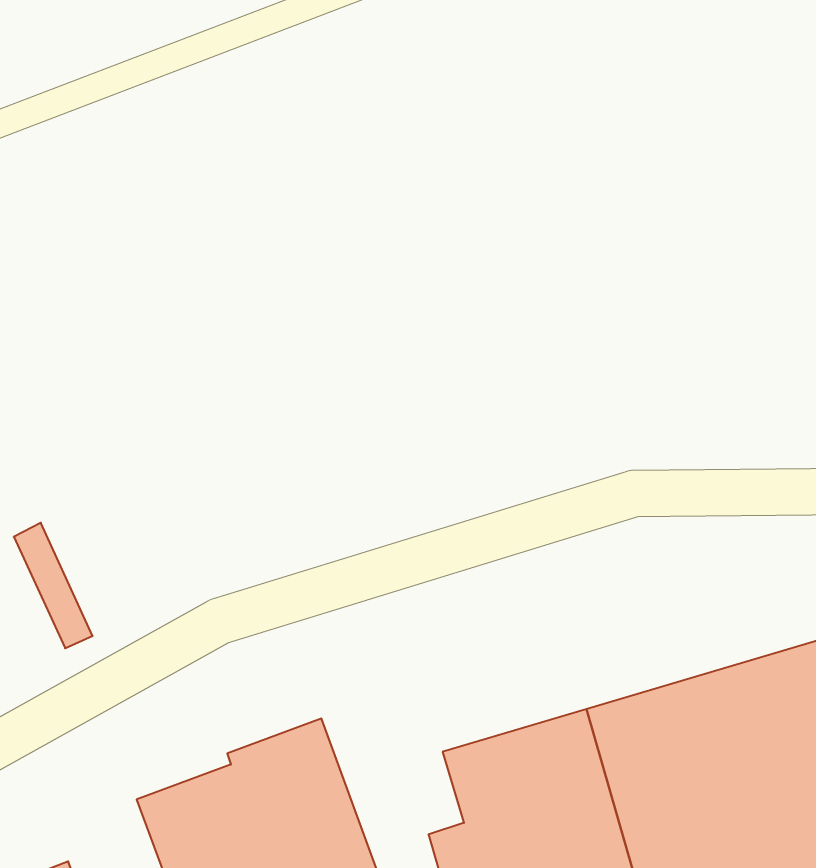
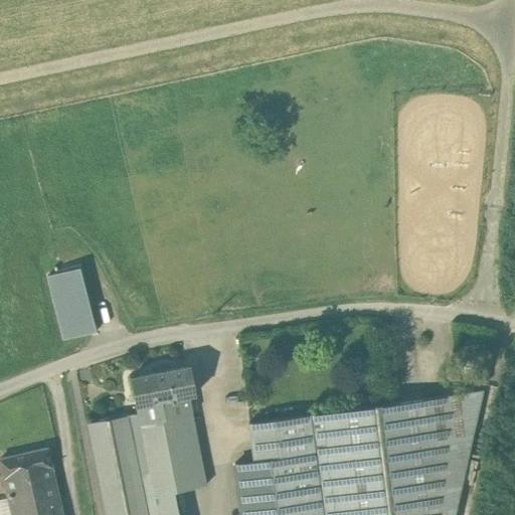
building: none -> [62,269,96,335]
building: none -> [132,366,196,406]

